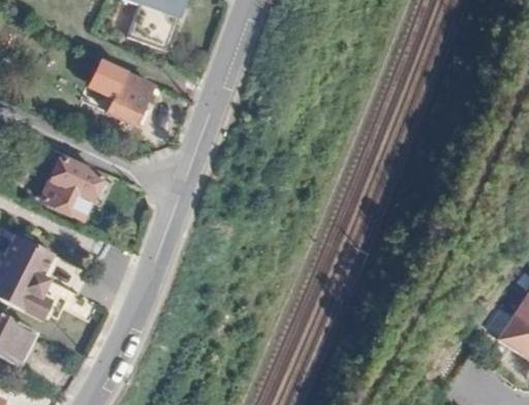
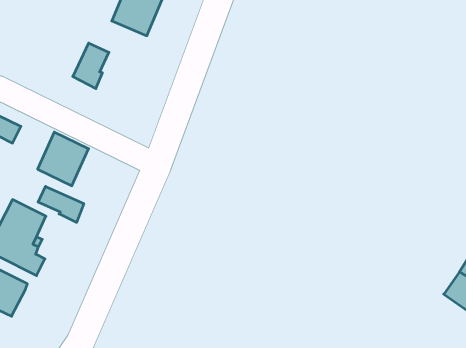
building: [110,69,154,123] -> none
building: none -> [38,186,84,222]

